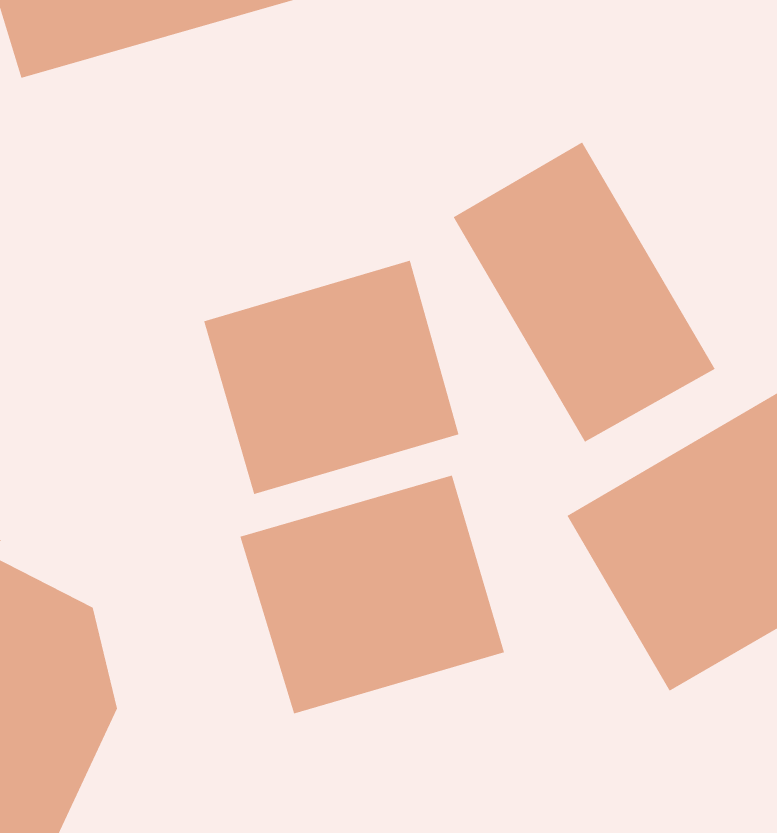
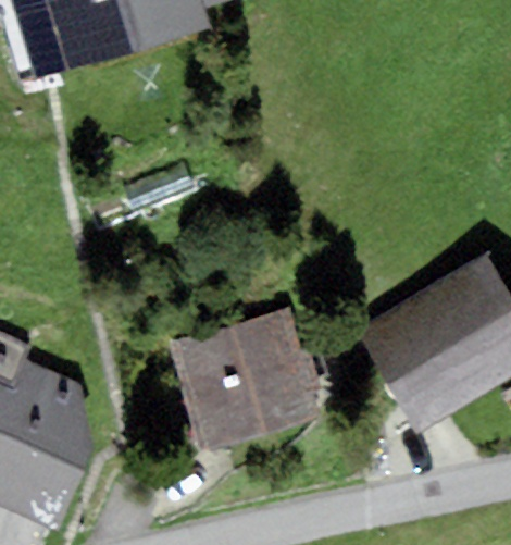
building: [453,142,716,443] -> none
building: [203,260,459,495] -> none

